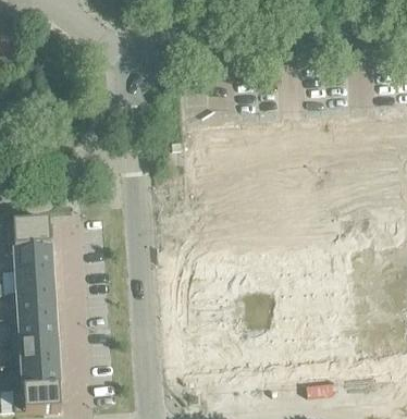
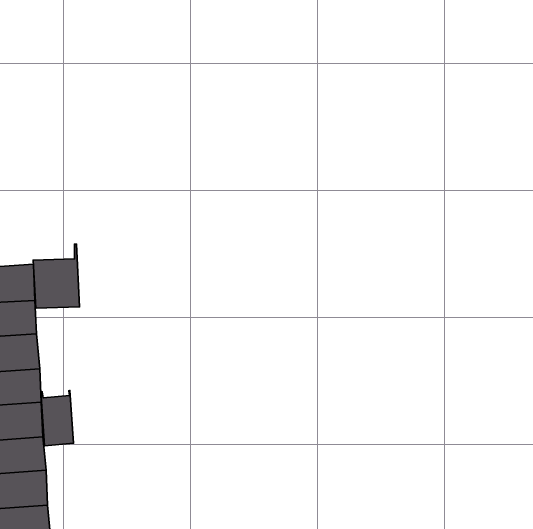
building: none -> [33,244,79,308]
building: none -> [41,391,74,446]

